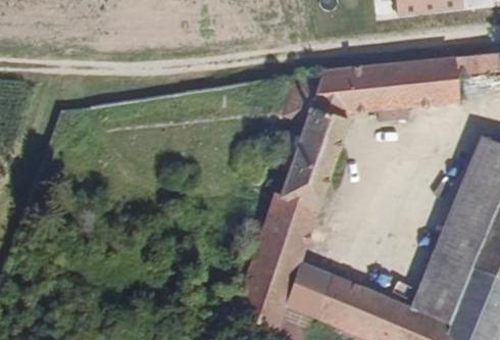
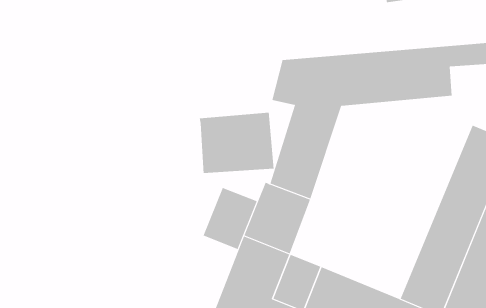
building: none -> [199,112,274,174]
building: none -> [203,187,257,250]

